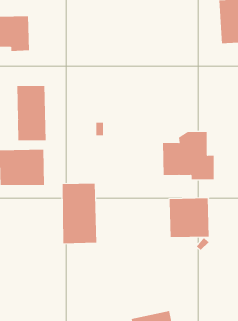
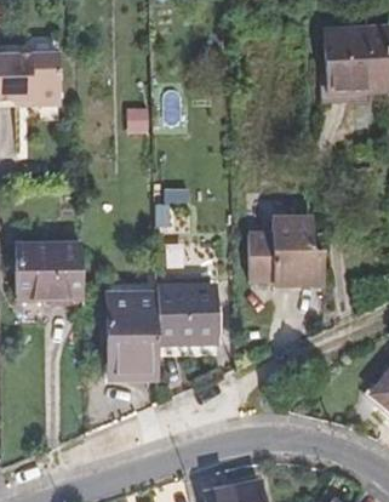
building: [17,85,46,141] -> none
building: [169,198,209,238] -> [154,289,212,346]

